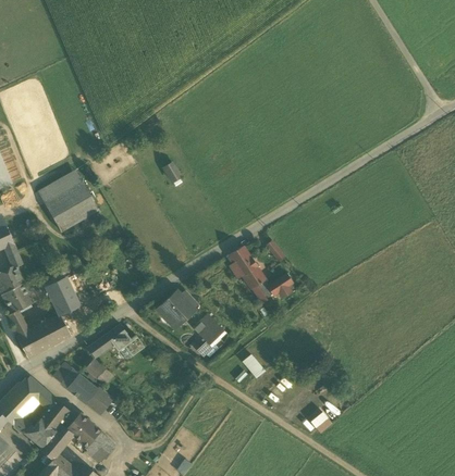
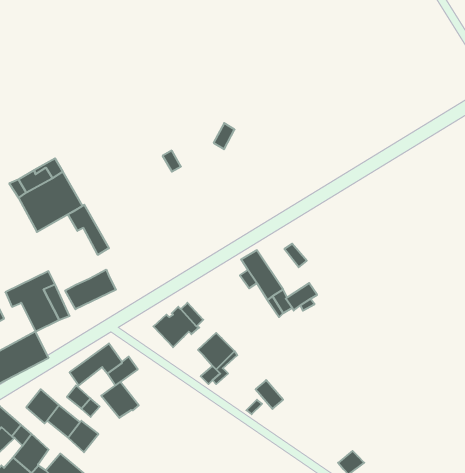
building: none -> [68,205,109,255]
building: none -> [65,270,116,309]
building: none -> [101,382,139,418]

